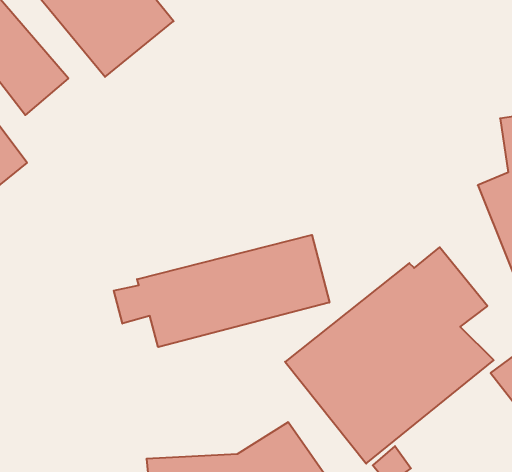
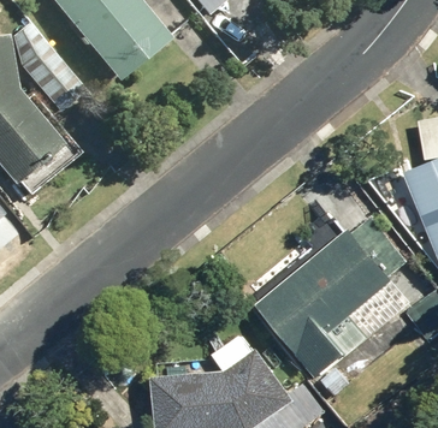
building: [114,235,329,347] -> none

